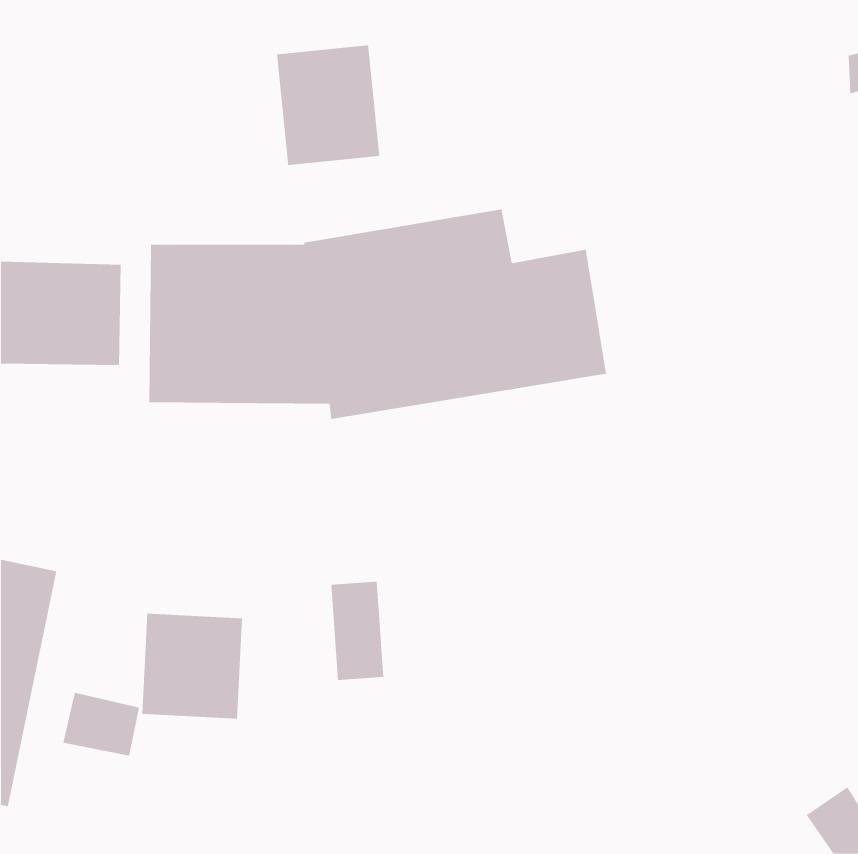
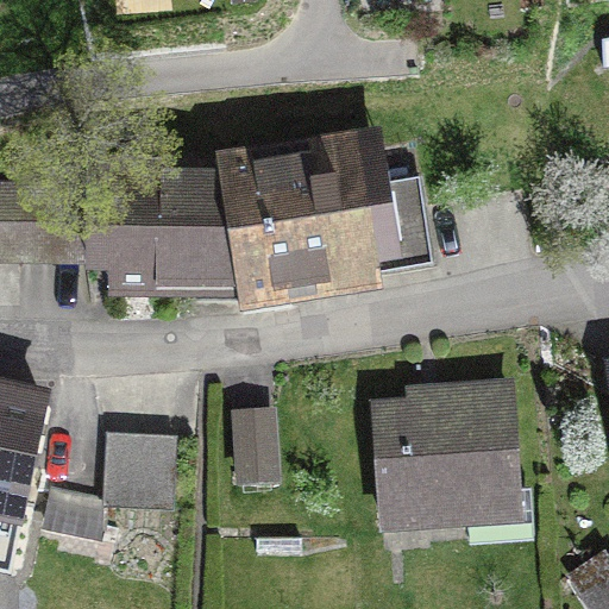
building: [276,45,380,166] -> none
building: none -> [373,390,517,520]

